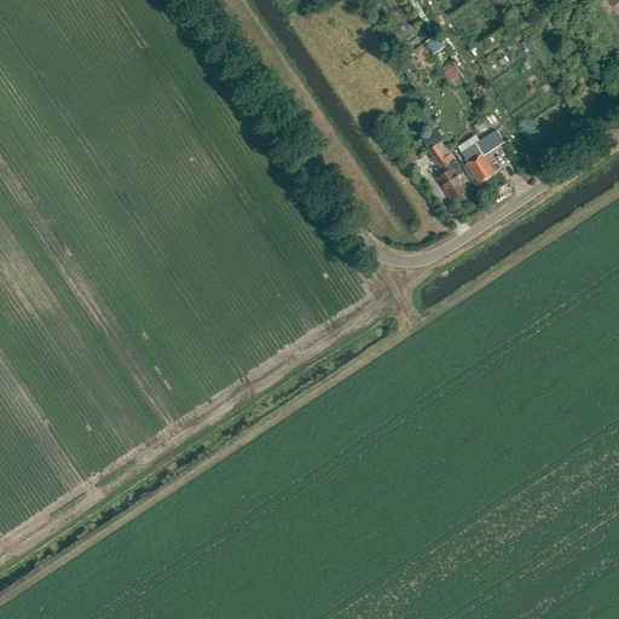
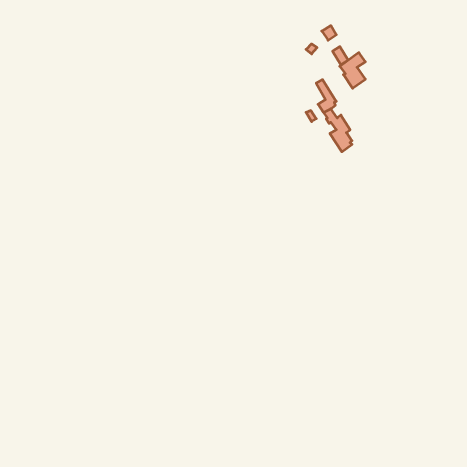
building: [462,135,496,183] -> [340,53,365,88]

